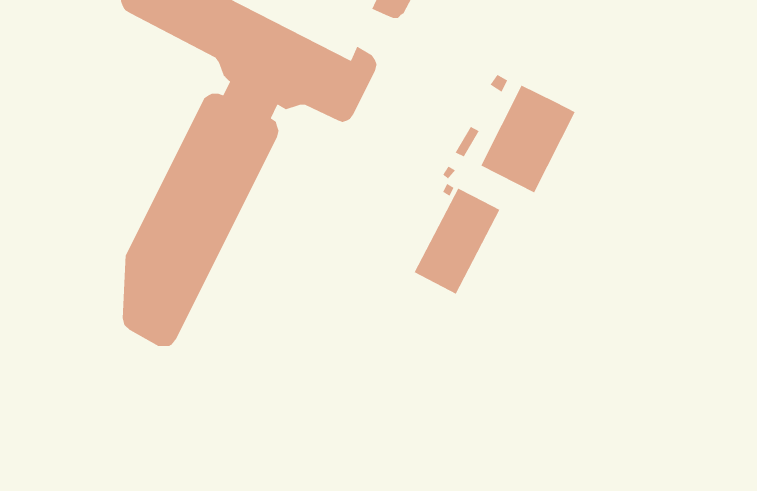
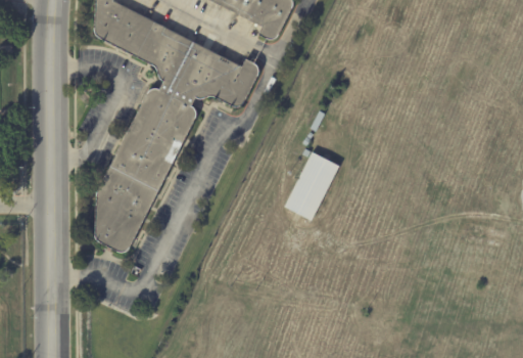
building: [480,84,576,193] -> none

